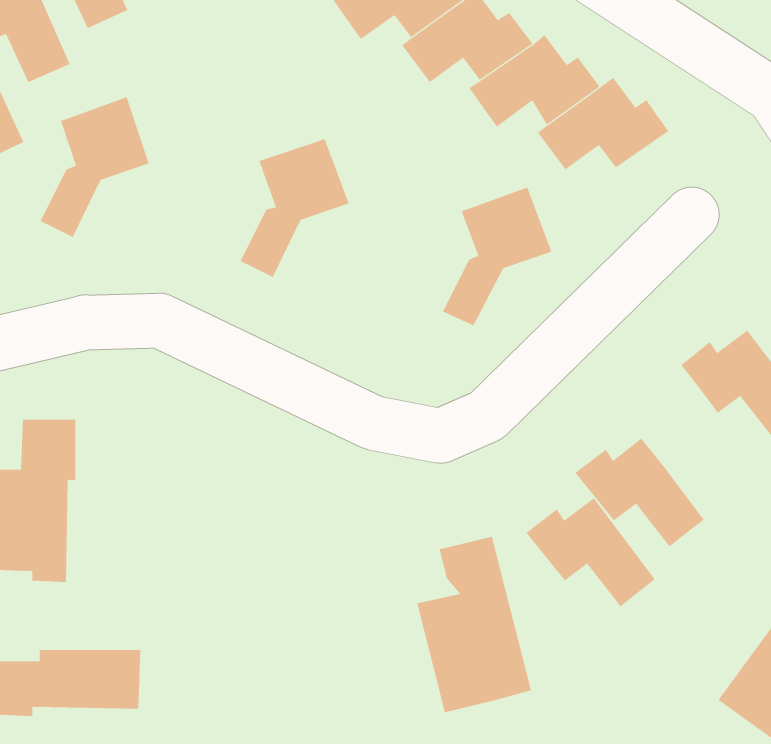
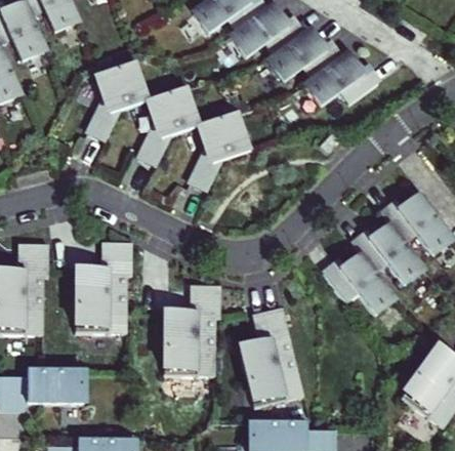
building: [40,97,149,238] -> [87,64,148,141]
building: [442,187,552,326] -> [190,114,250,191]
building: none -> [76,242,132,332]
building: none -> [164,285,220,375]
building: [525,498,656,607] -> [351,224,423,285]

